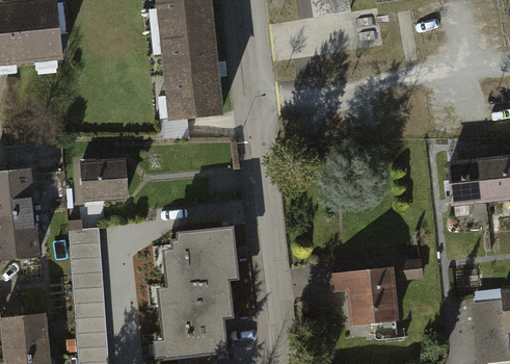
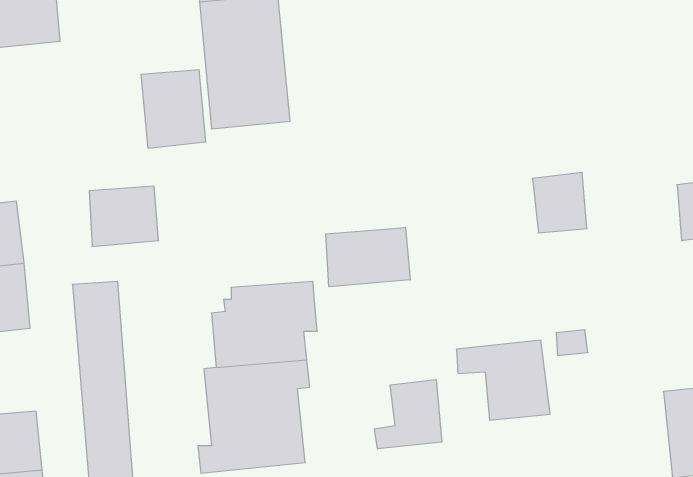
building: none -> [141,70,206,148]
building: [450,159,487,201] -> [532,172,587,233]
building: none -> [326,227,410,287]
building: none -> [375,380,442,449]

